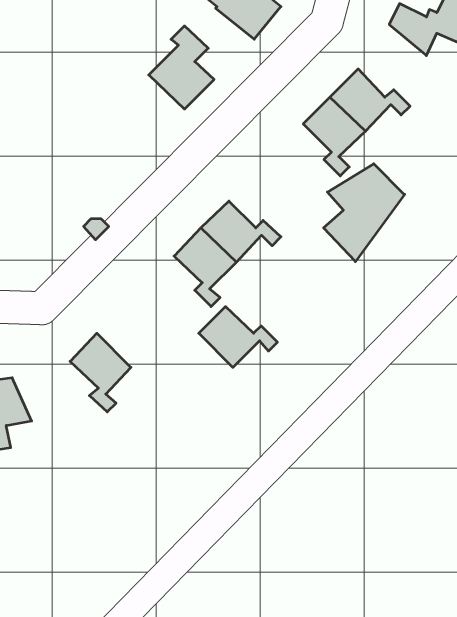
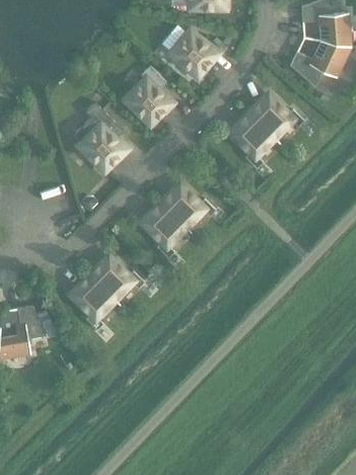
building: none -> [70,102,122,169]
building: [324,164,405,262] -> none
building: [199,307,277,367] -> [87,257,141,299]

